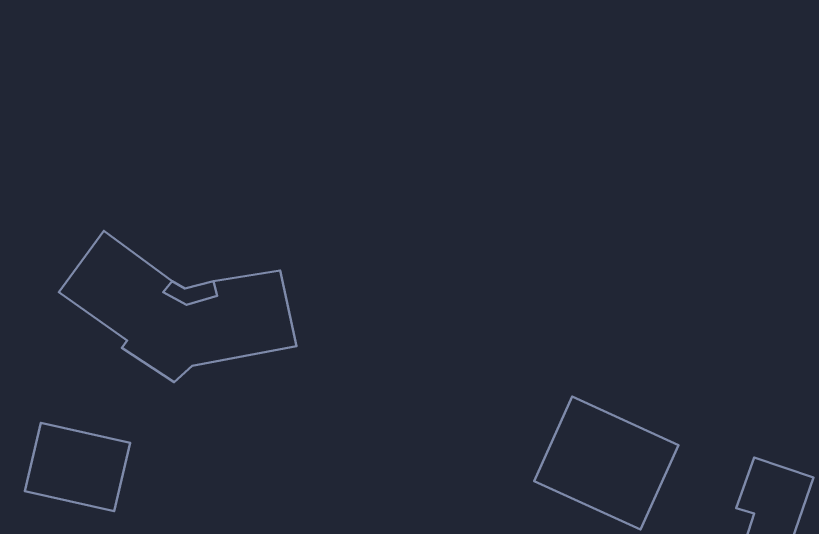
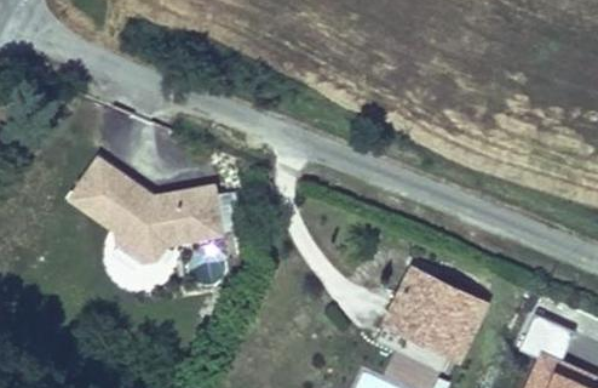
building: [25,423,130,511] -> none

